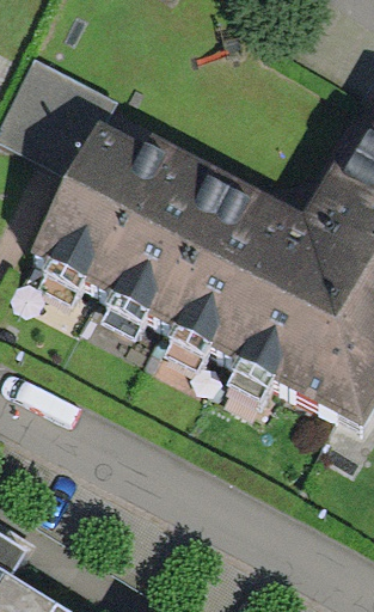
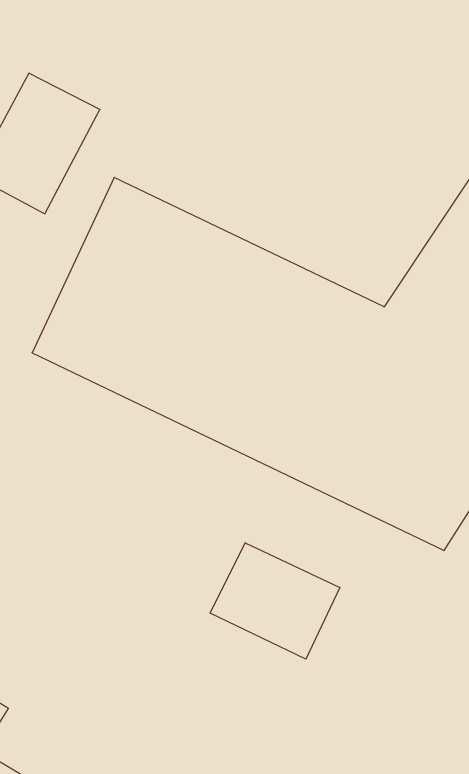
building: none -> [210,543,340,659]

